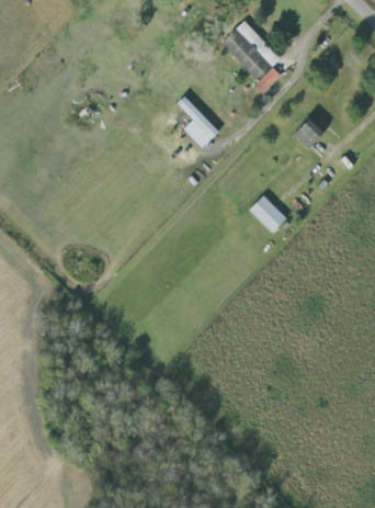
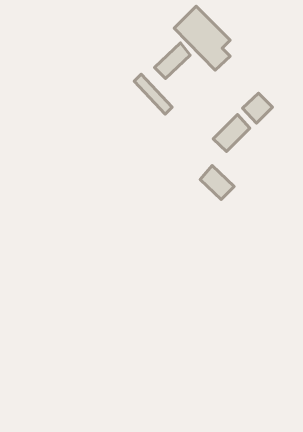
building: none -> [154,43,190,78]
building: none -> [213,114,250,151]

